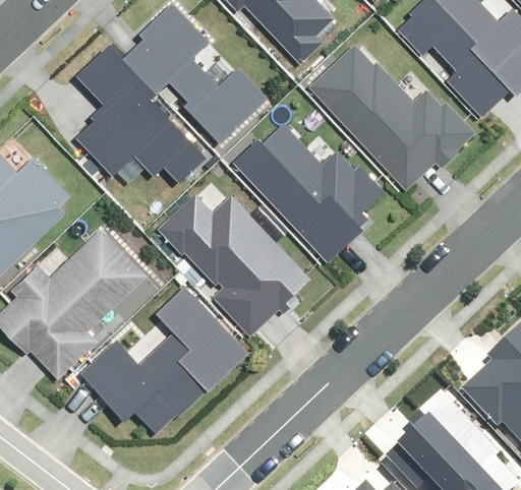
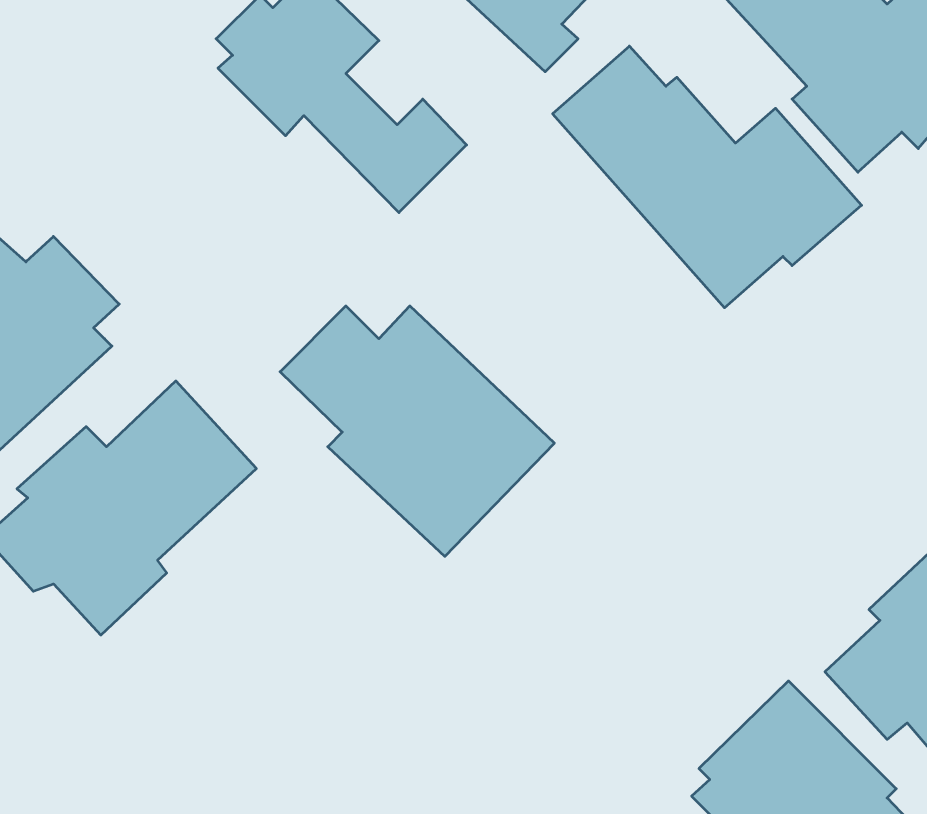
building: [75,44,204,183] -> none
building: [236,122,381,258] -> none
building: [76,285,246,434] -> none

